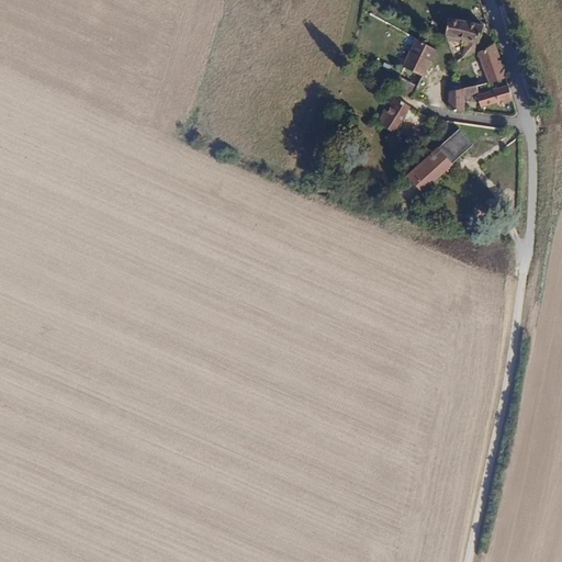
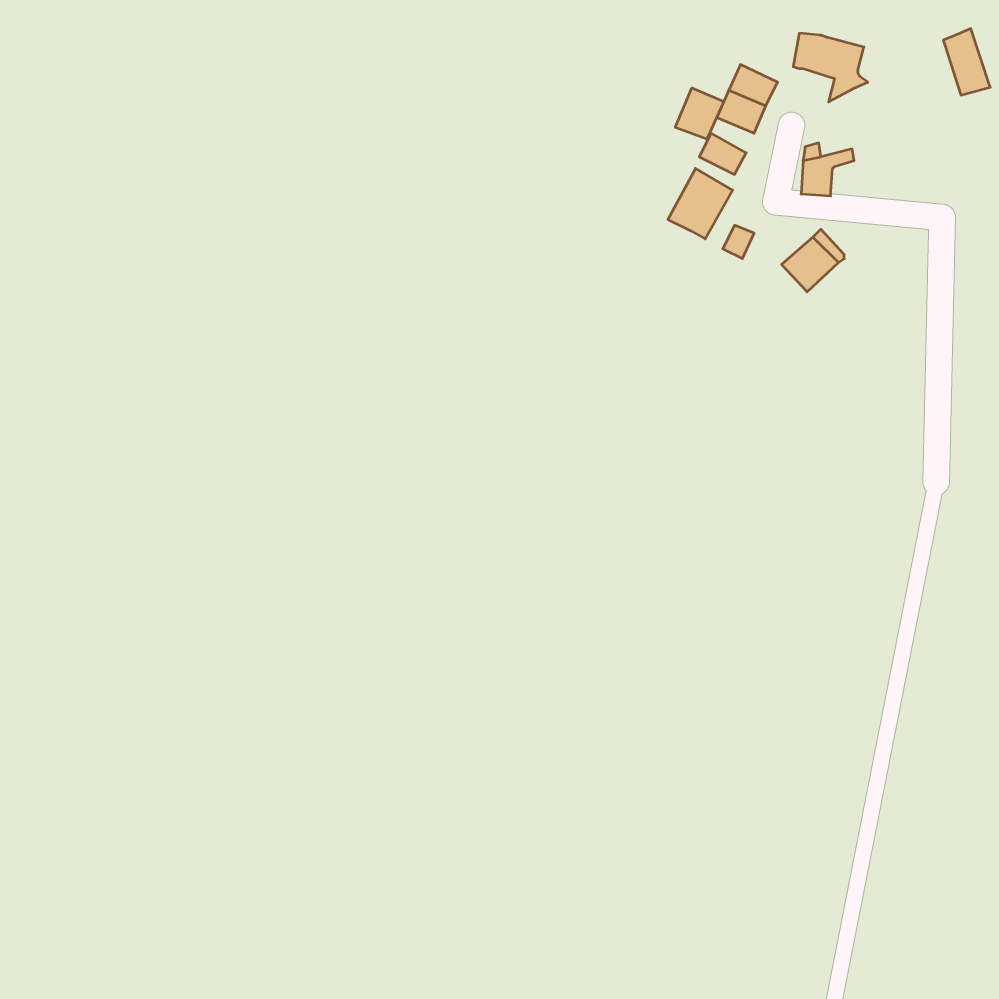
building: [479,43,505,80] -> [943,29,990,95]
building: none -> [675,88,724,139]
building: [476,85,512,105] -> none
building: [408,148,452,190] -> none

